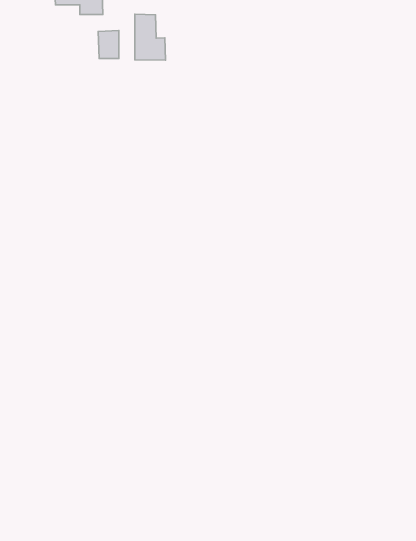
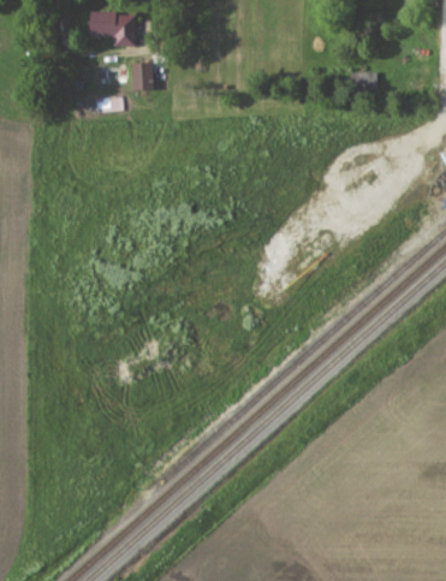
building: [135,14,165,60] -> none

